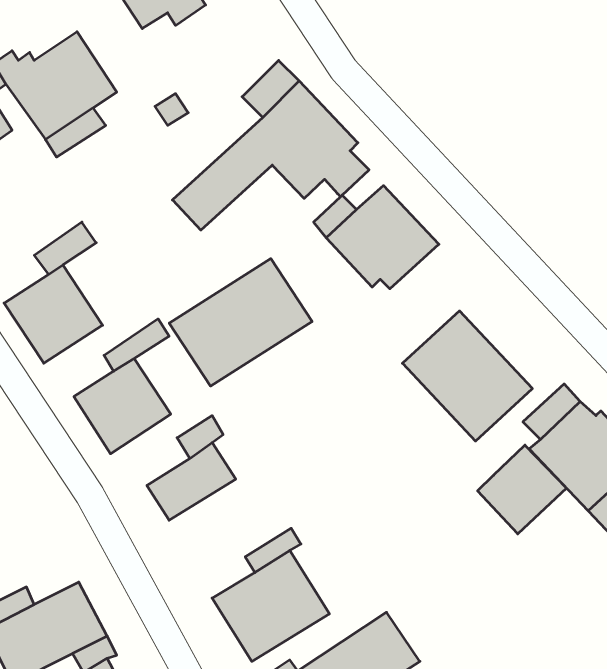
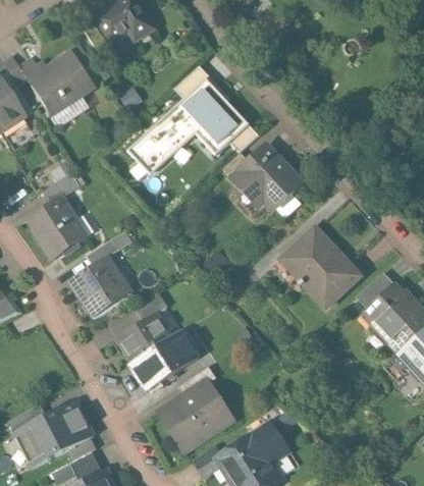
building: [169,259,312,386] -> none
building: [478,445,567,534] -> none
building: none -> [127,328,201,391]

